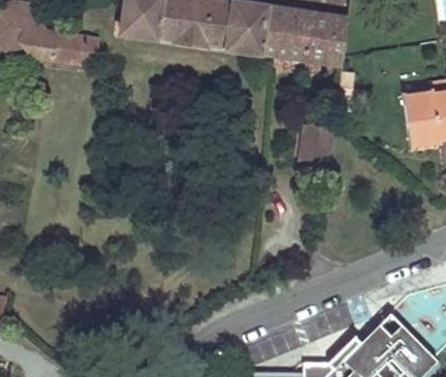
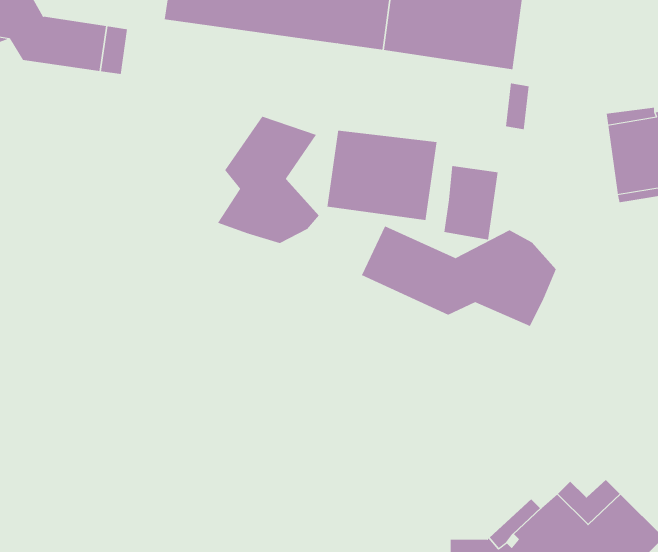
building: none -> [217,116,319,244]
building: none -> [327,130,437,221]
building: none -> [361,226,556,327]

